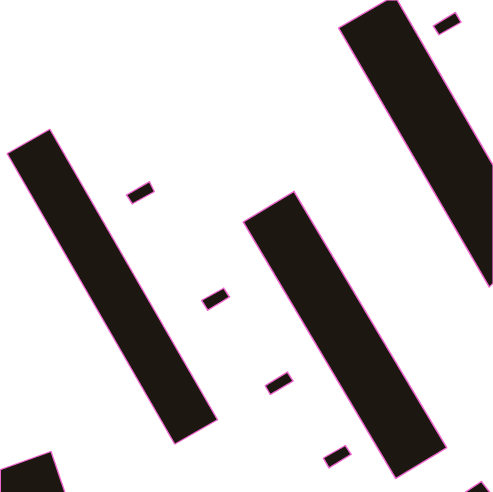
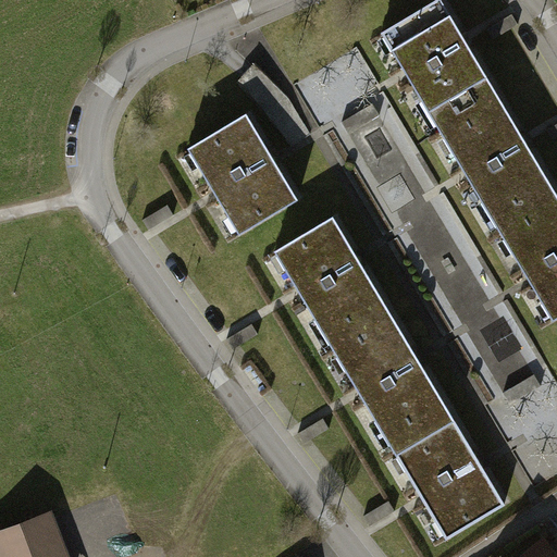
building: none -> [188,108,306,235]
building: [7,129,217,444] -> none

